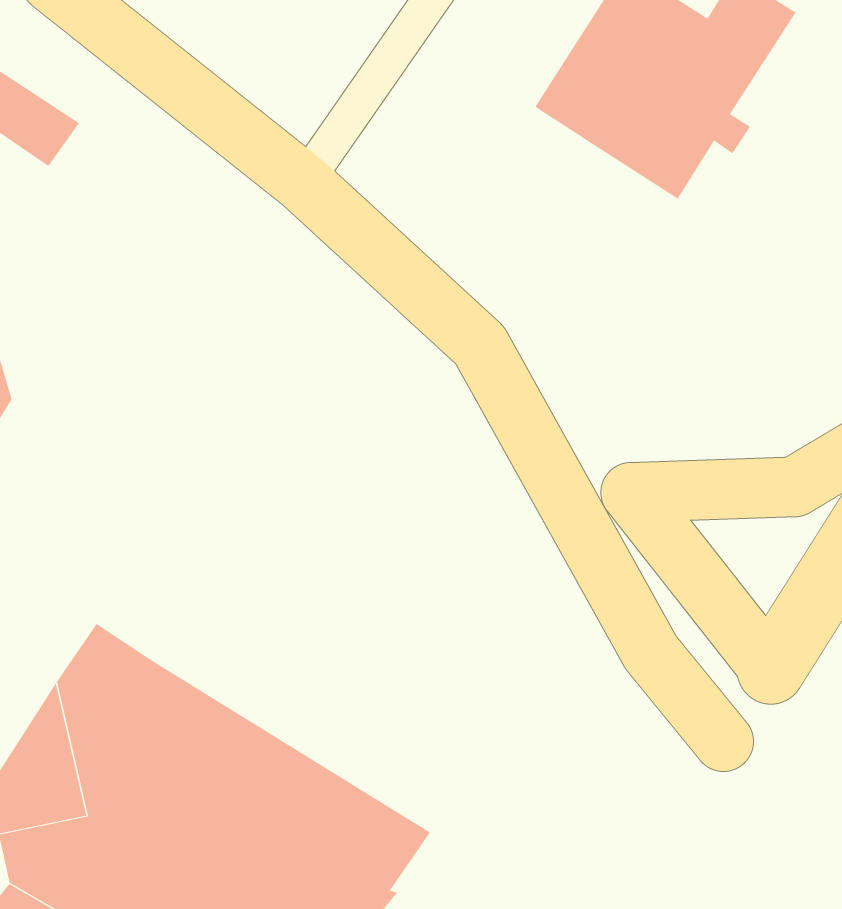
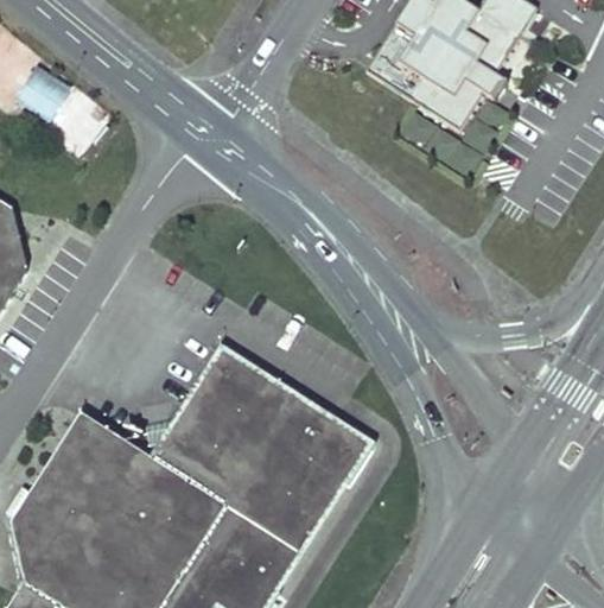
building: none -> [120,347,371,550]

